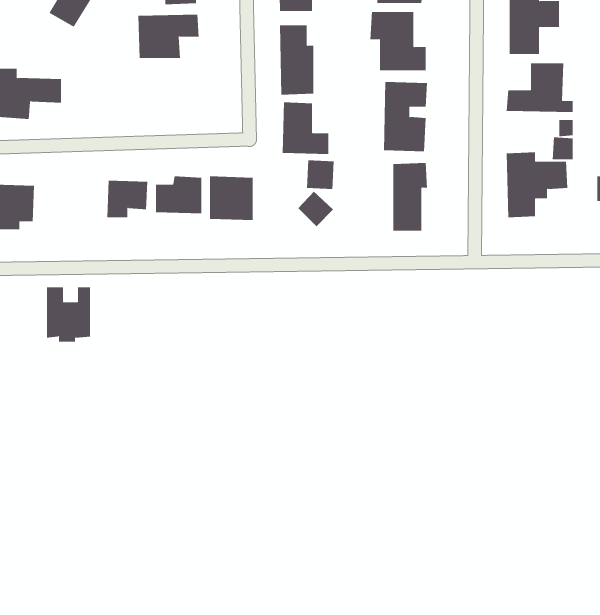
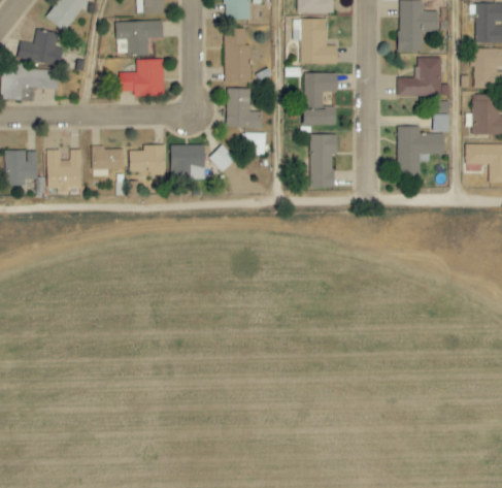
building: none -> [23,29,63,66]
building: none -> [119,59,163,96]
building: [298,191,334,227] -> [208,144,236,172]
building: [46,287,91,342] -> [46,150,80,192]

